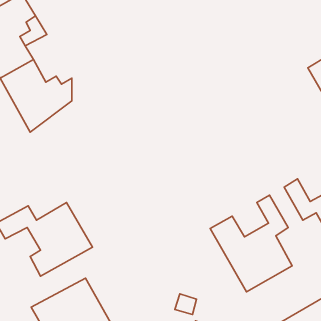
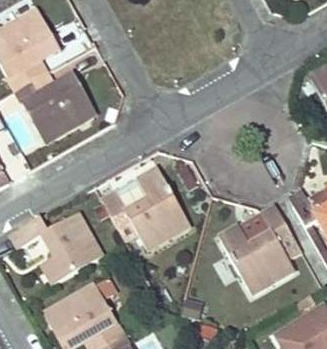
building: none -> [101,165,191,249]

